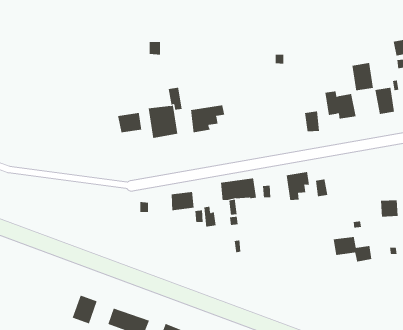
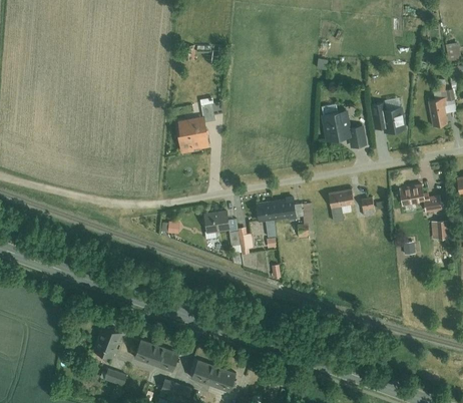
building: [352,62,374,91] -> none
building: none -> [322,110,349,139]
building: [190,105,225,133] -> none
building: [117,112,142,133] -> none
building: [333,236,372,262] -> [399,184,442,213]

